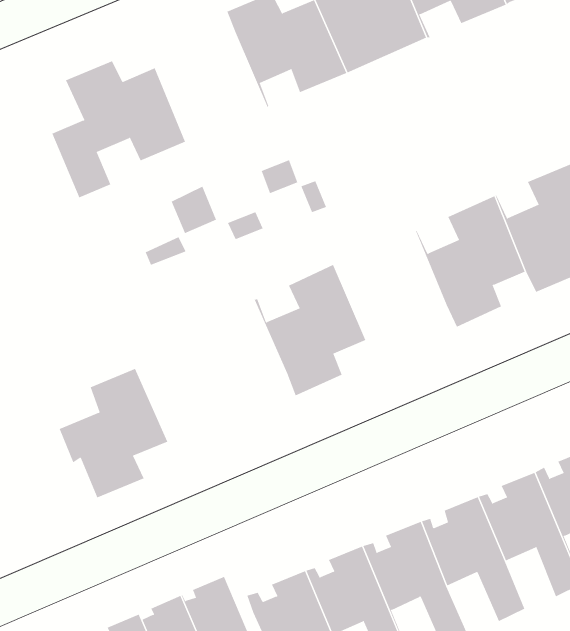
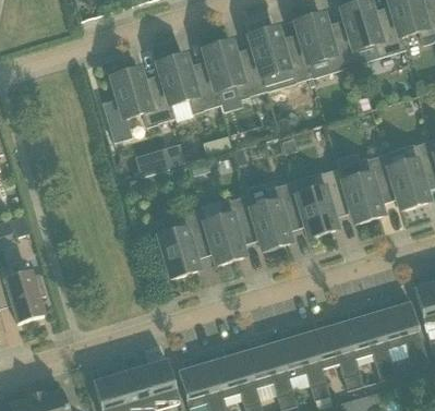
building: none -> [158,55,220,118]
building: none -> [246,181,305,250]
building: [59,368,168,498] -> [155,208,214,277]

